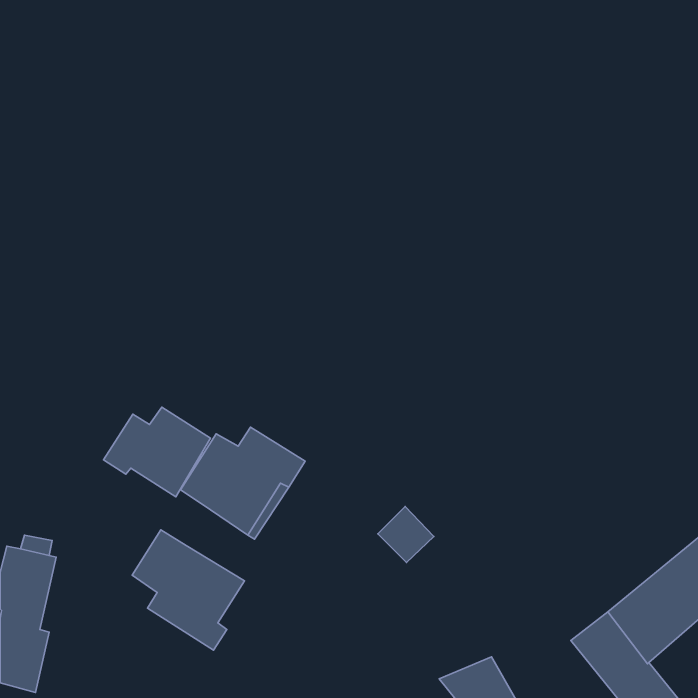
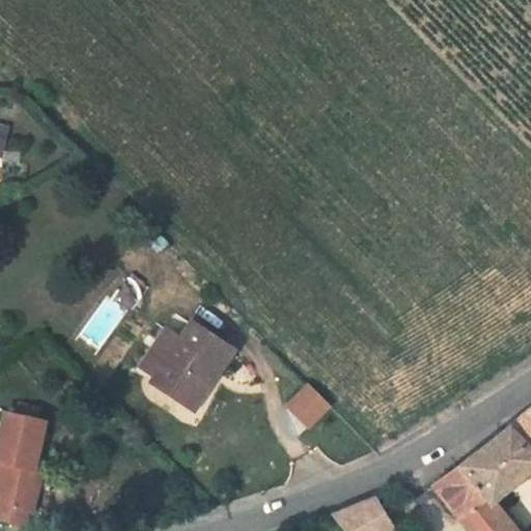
building: [103,407,211,497] -> none
building: [132,530,245,650] -> none

